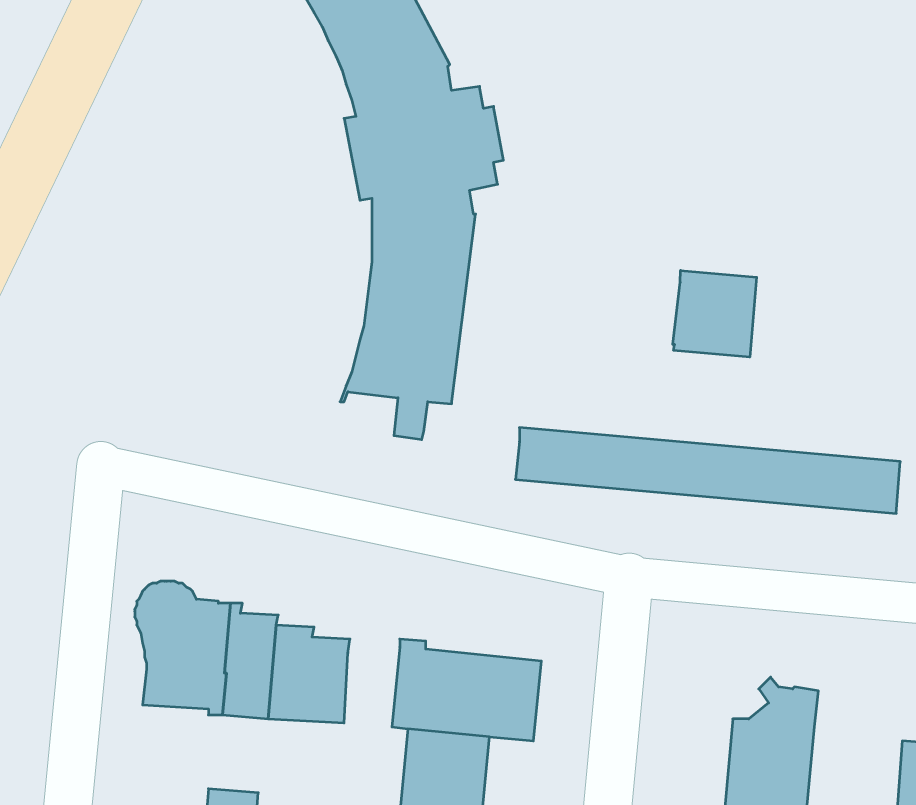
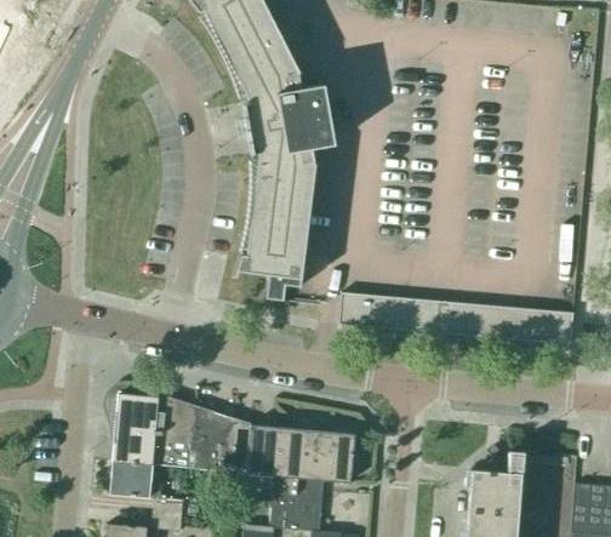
building: [673,270,757,357] -> none
building: none -> [239,422,270,475]
building: none -> [112,462,185,515]

